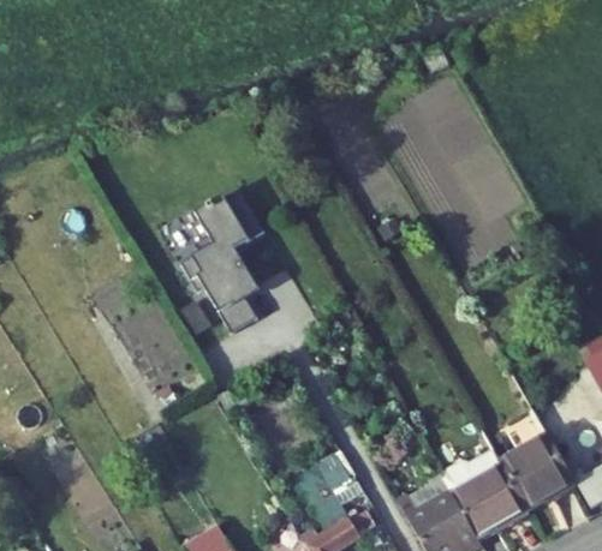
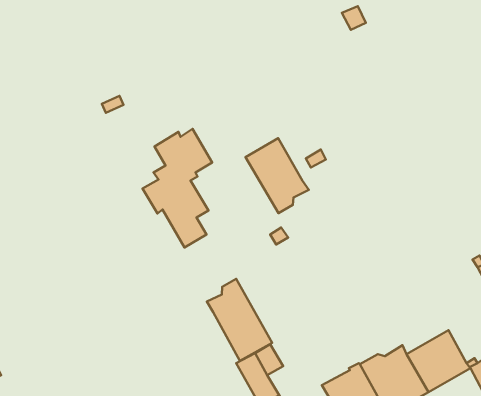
building: none -> [245,138,309,213]
building: none -> [207,279,272,361]

